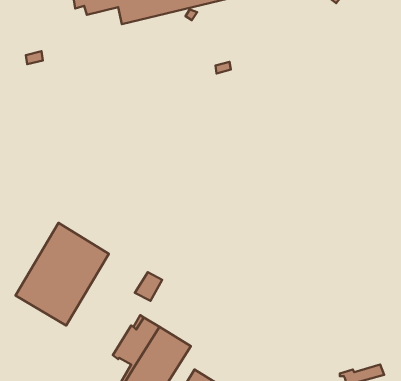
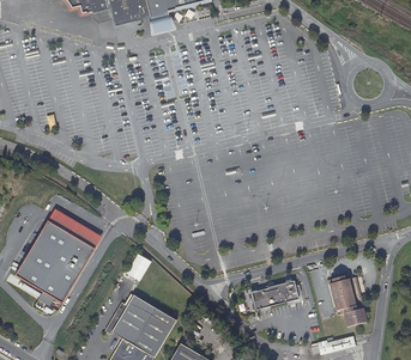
building: none -> [249,277,301,309]
building: none -> [328,277,364,329]

